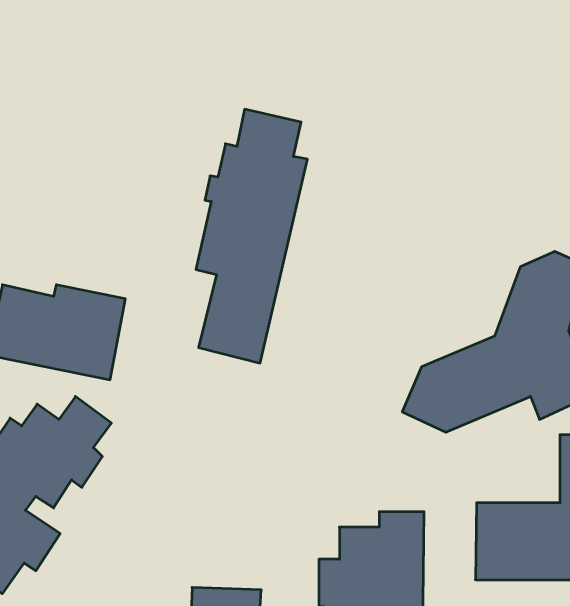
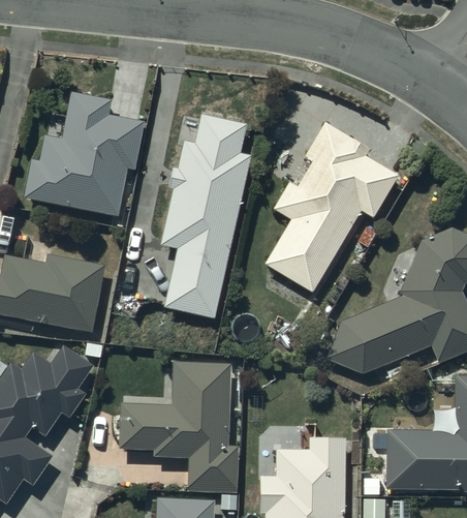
building: none -> [25,91,144,215]
building: none -> [267,123,398,292]
building: none -> [120,362,238,492]

